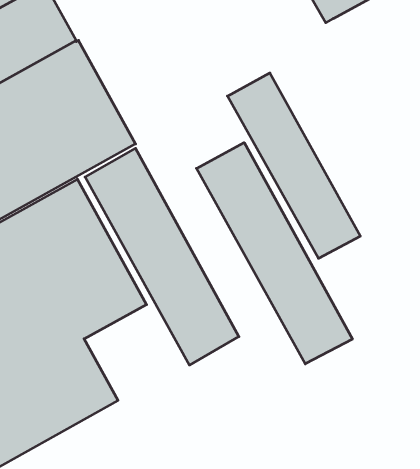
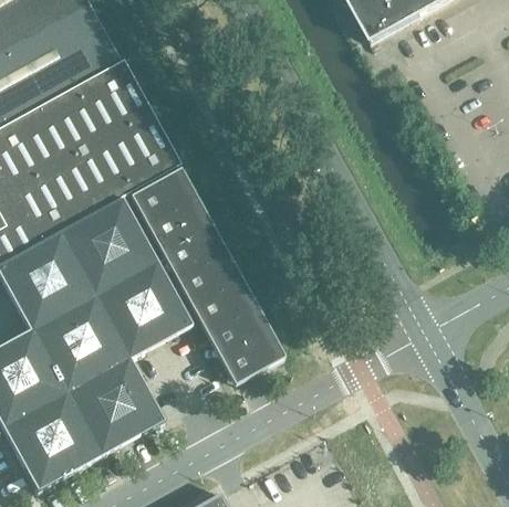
building: [227,73,360,258] -> none
building: [196,143,352,364] -> none

